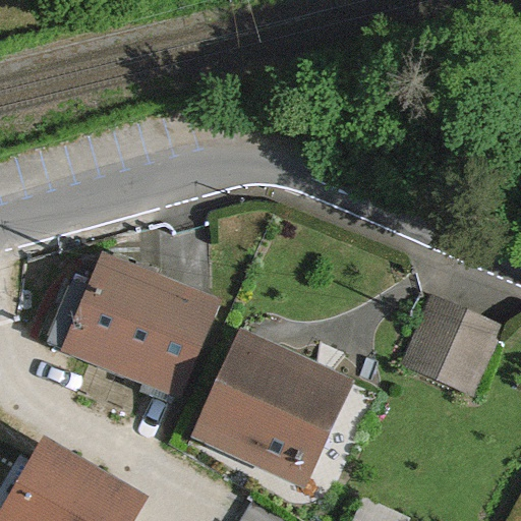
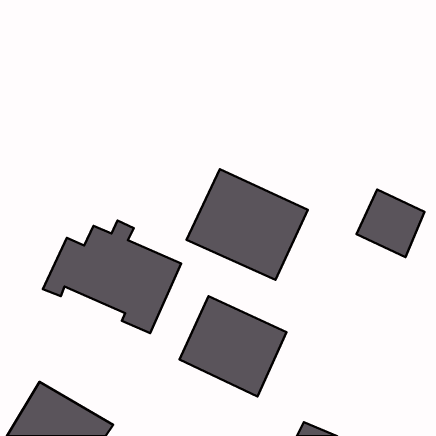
building: none -> [186,169,308,280]
building: [413,307,494,388] -> [357,189,424,257]

